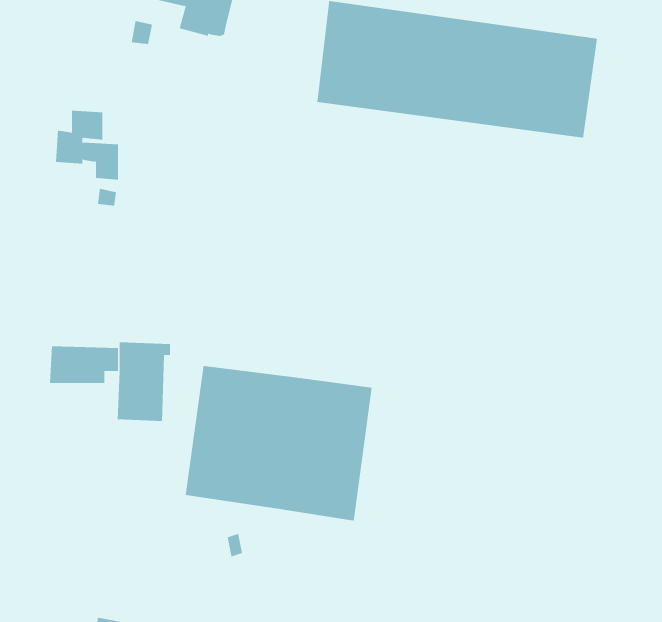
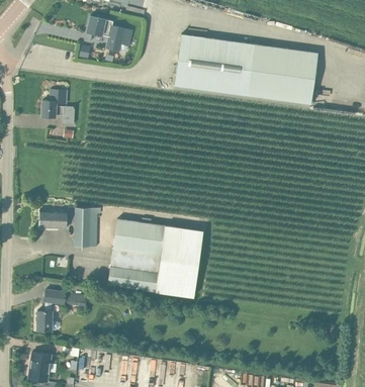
building: none -> [36,289,87,331]

